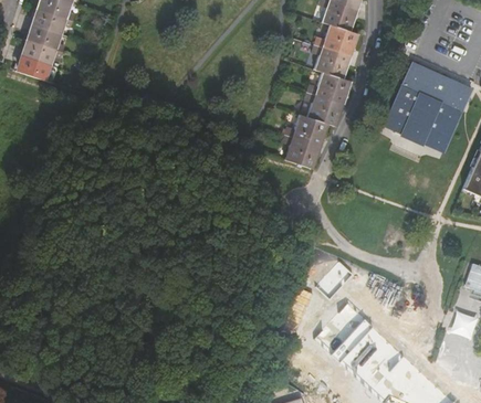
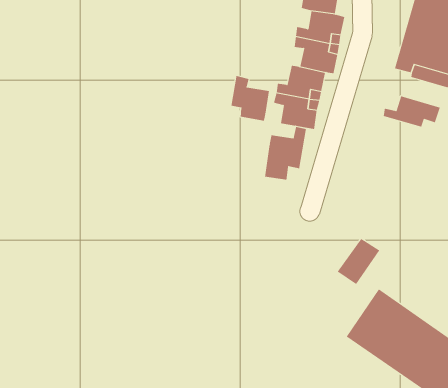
building: none -> [231,75,270,121]
building: none -> [383,96,441,127]
building: none -> [265,126,306,181]

